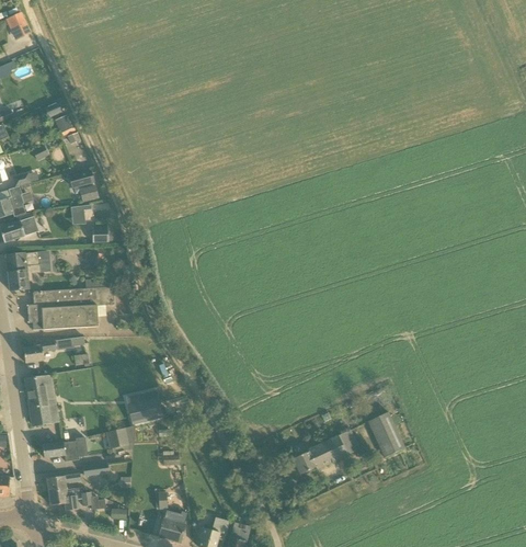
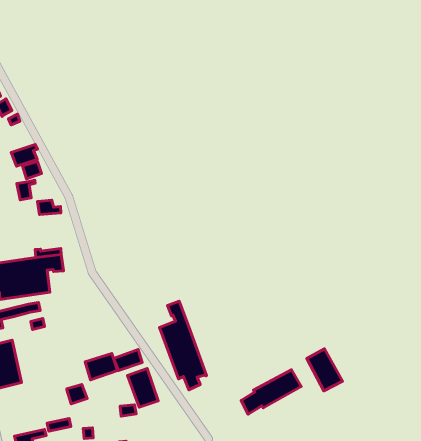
building: none -> [160,301,207,390]
building: none -> [128,368,158,407]
building: [42,437,87,461] -> none

